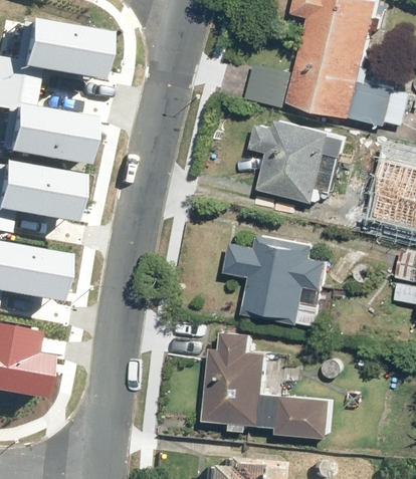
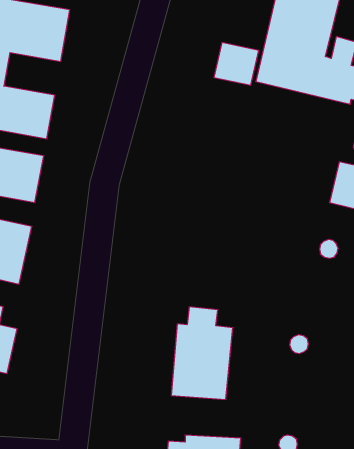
building: [249,119,345,201] -> none
building: [224,235,328,327] -> none
building: [276,395,332,437] -> none

